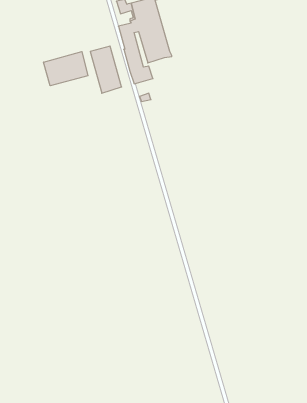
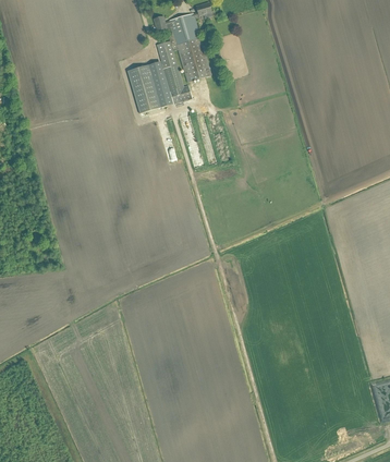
building: [44,52,88,86] -> none

